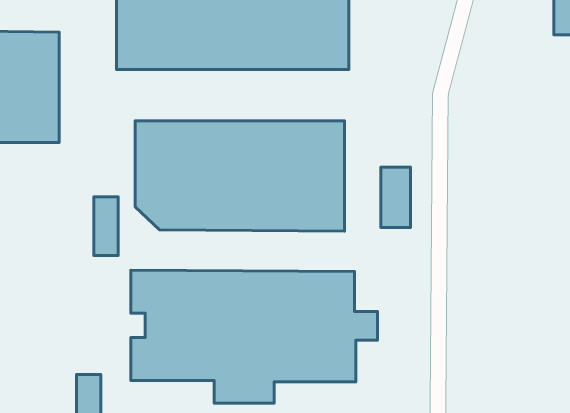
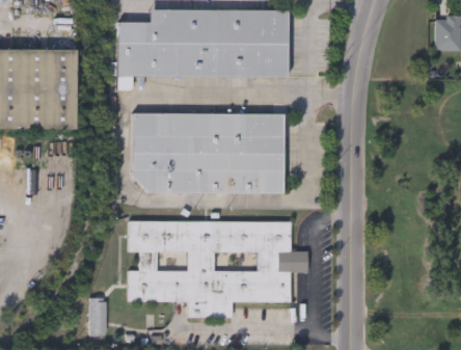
building: [381,167,411,228] -> none
building: [94,197,118,256] -> none

